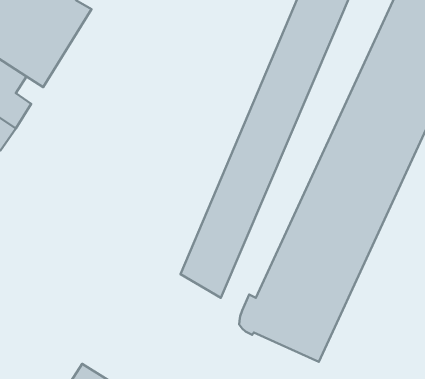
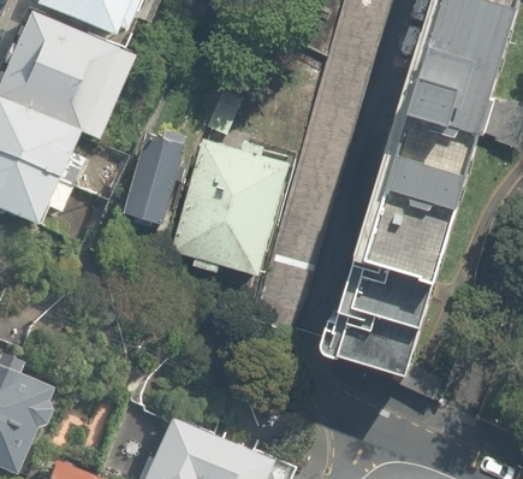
building: none -> [127,129,189,221]
building: none -> [174,132,292,273]

